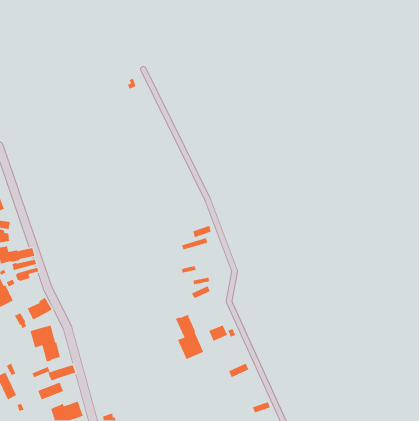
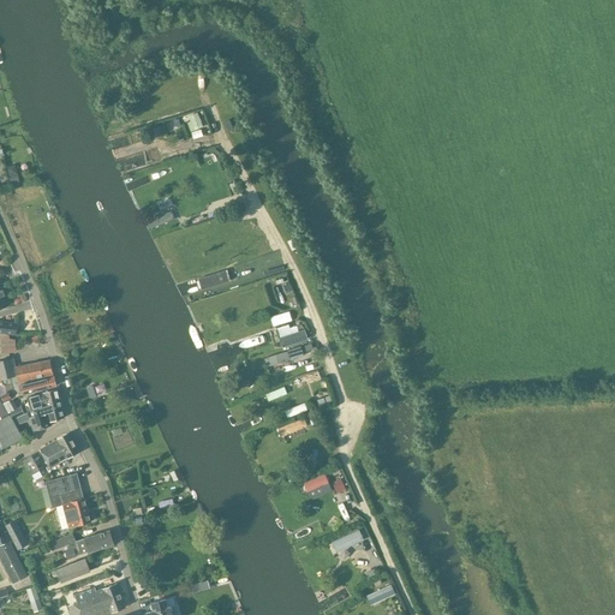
building: none -> [28,396,62,434]
building: [175,314,204,360] -> none

